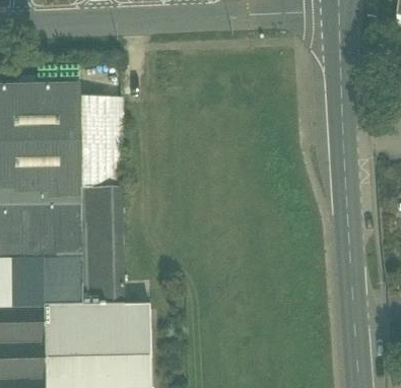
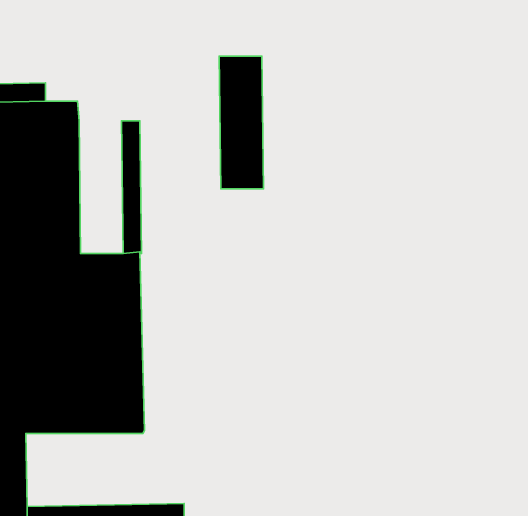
building: [81,102,111,190] -> [219,56,263,189]
building: [46,308,151,359] -> none

